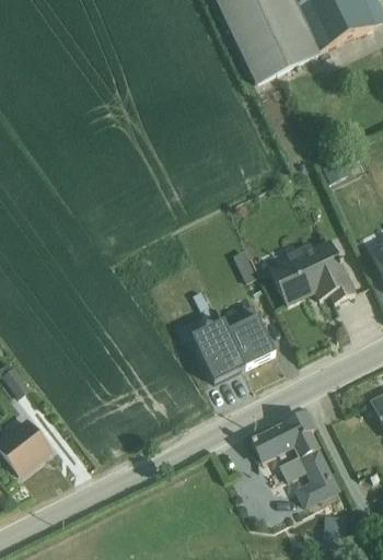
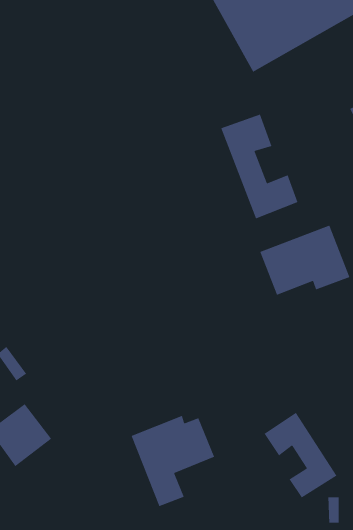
building: none -> [220,113,299,219]
building: [188,312,274,405] -> [131,415,215,507]

